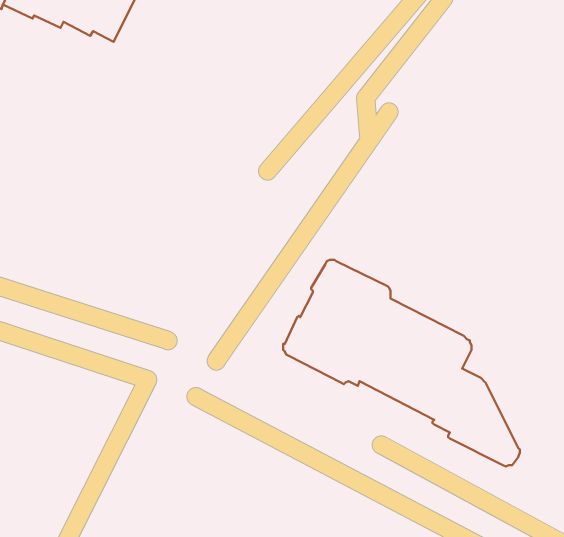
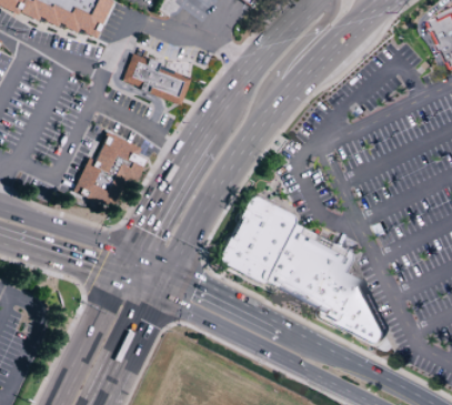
building: none -> [122,54,192,105]
building: none -> [73,133,148,210]

